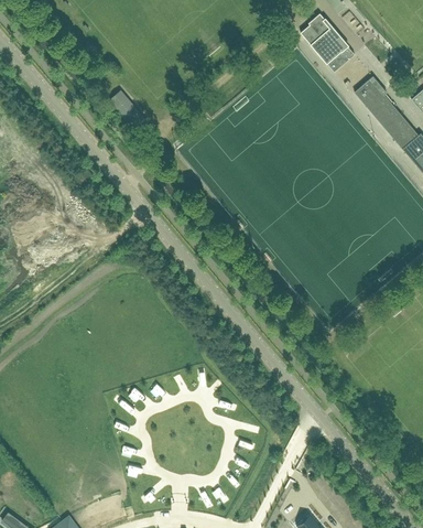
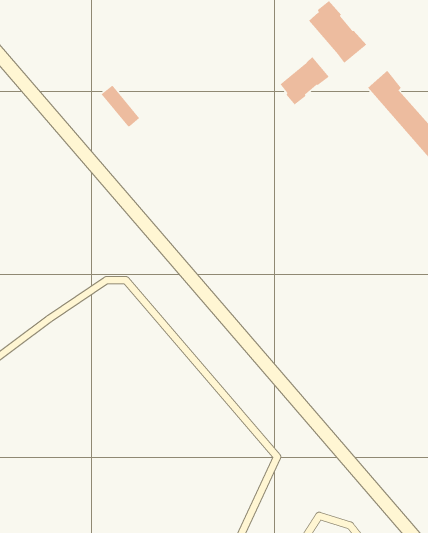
building: none -> [279,56,330,105]

